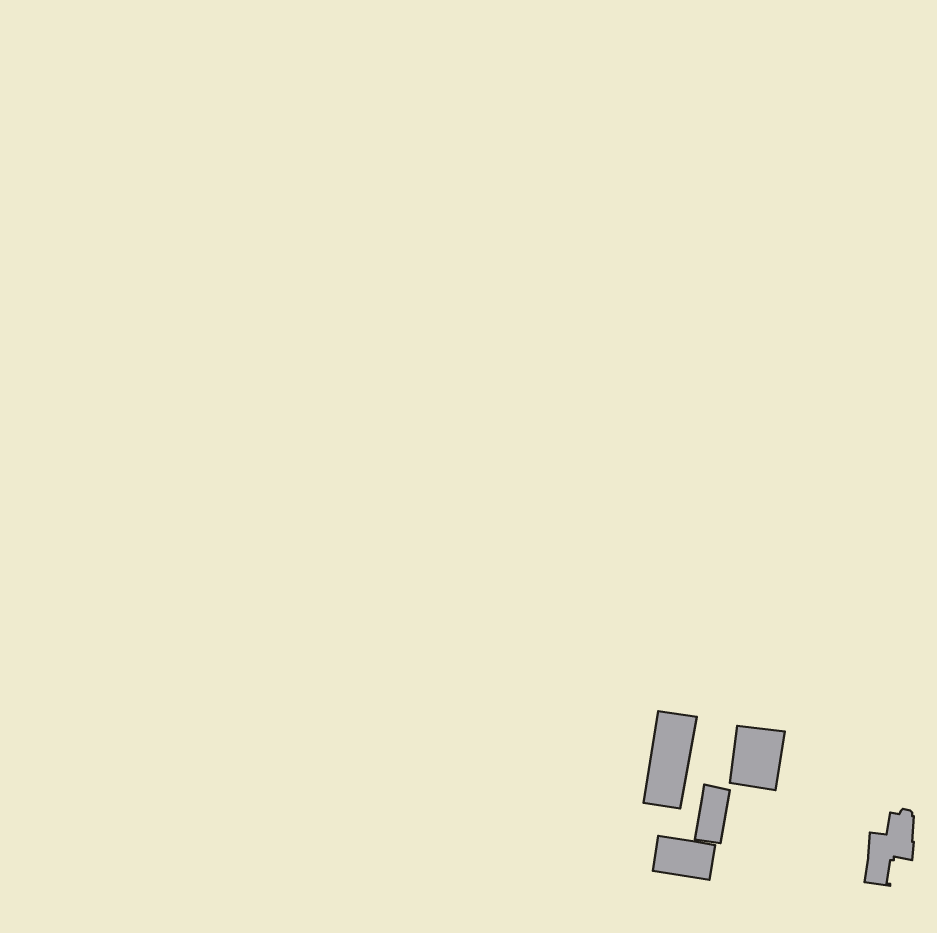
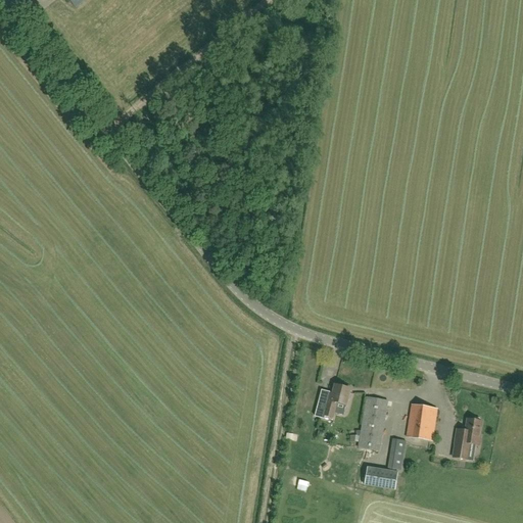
building: none -> [315,382,350,417]
building: [864,809,914,886] -> [454,415,481,458]

